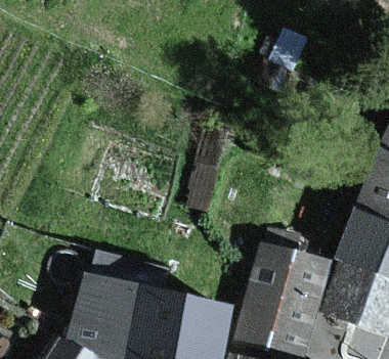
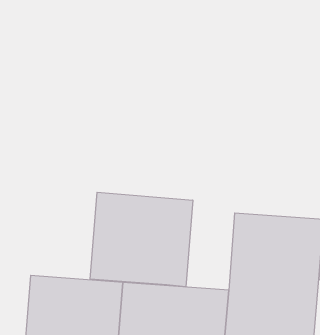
building: none -> [90,192,193,287]

